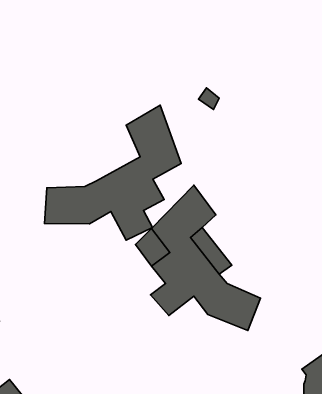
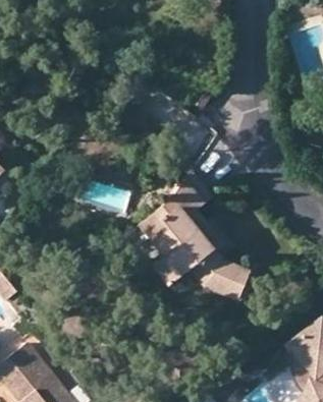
building: [44,105,181,240] -> none

